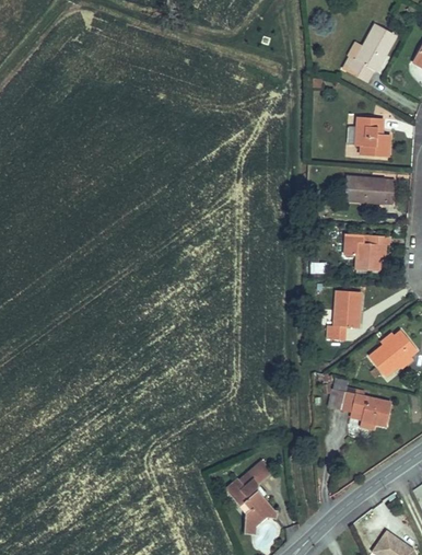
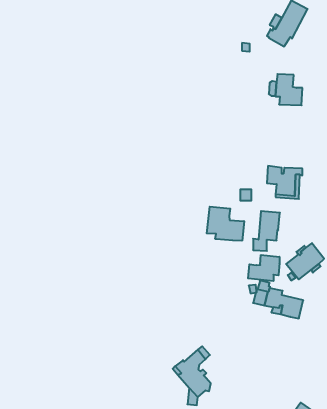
building: [344,176,395,204] -> none
building: none -> [207,207,244,241]
building: none -> [248,255,279,281]

